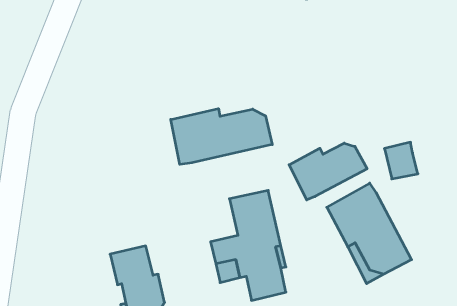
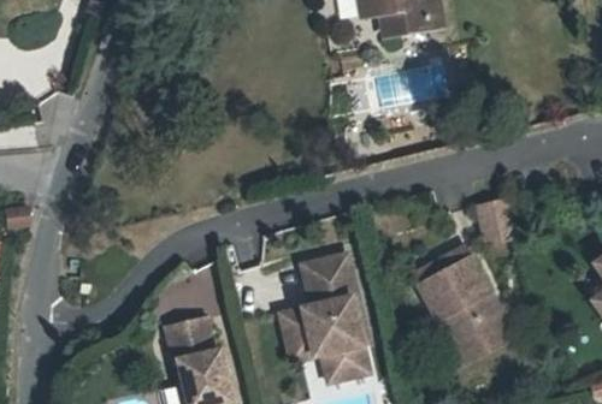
building: [171,109,272,164] -> none
building: [289,143,367,200] -> none

